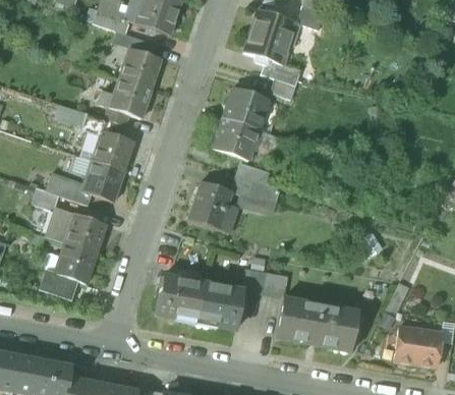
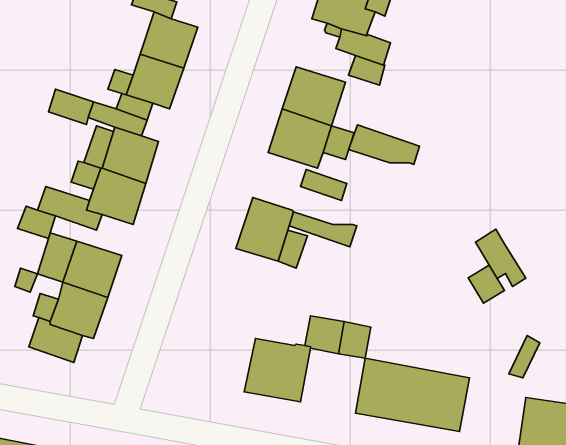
building: [230,173,281,202] -> [349,125,419,164]
building: none -> [476,229,526,287]
building: [156,274,204,322] -> none

